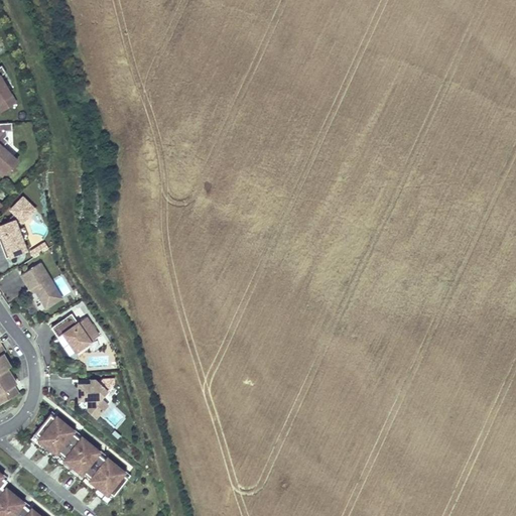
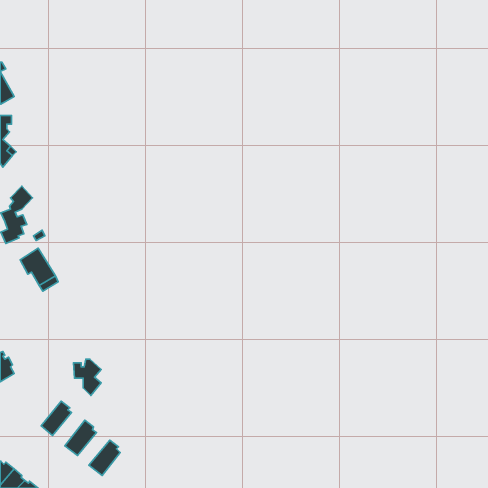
building: [51,313,99,351] -> none
building: [30,414,64,449] -> none
building: [55,435,90,471] -> none
building: [82,457,116,491] -> none

